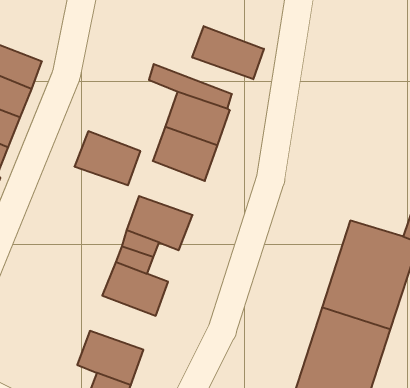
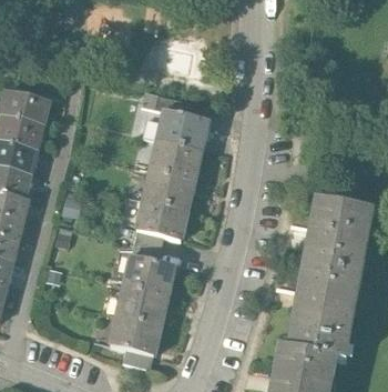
building: [192,26,264,79] -> none
building: [74,131,140,185] -> [142,170,194,210]
building: none -> [115,284,167,324]

